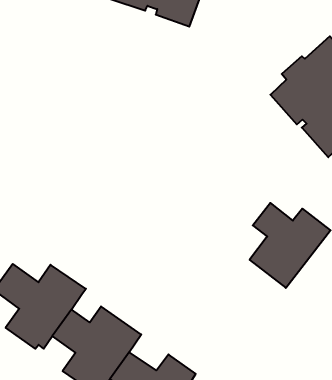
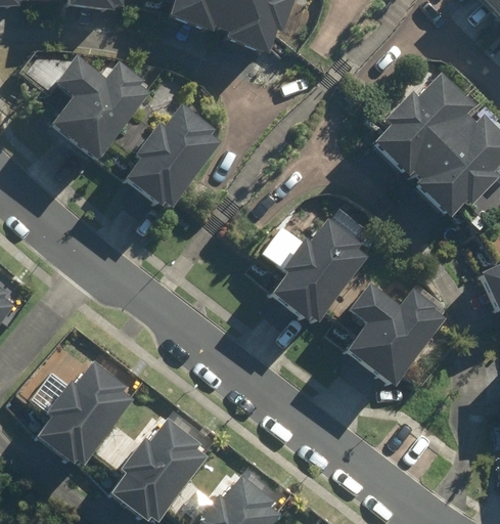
building: none -> [50,53,154,162]
building: none -> [124,101,227,208]
building: none -> [265,214,370,323]

